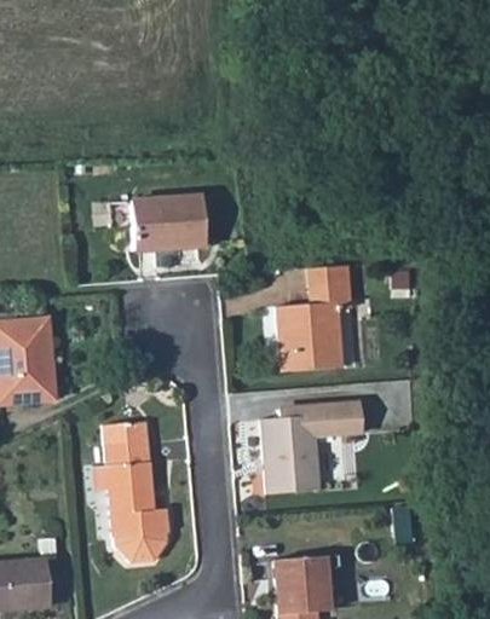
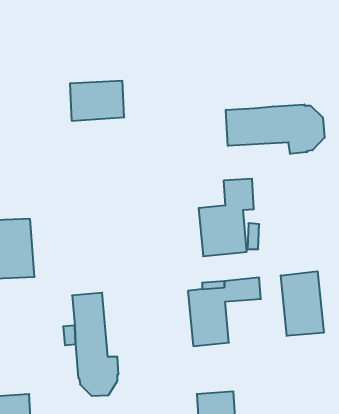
building: none -> [226,104,325,154]
building: [132,195,206,249] -> [70,81,124,121]
building: none -> [281,271,324,336]

